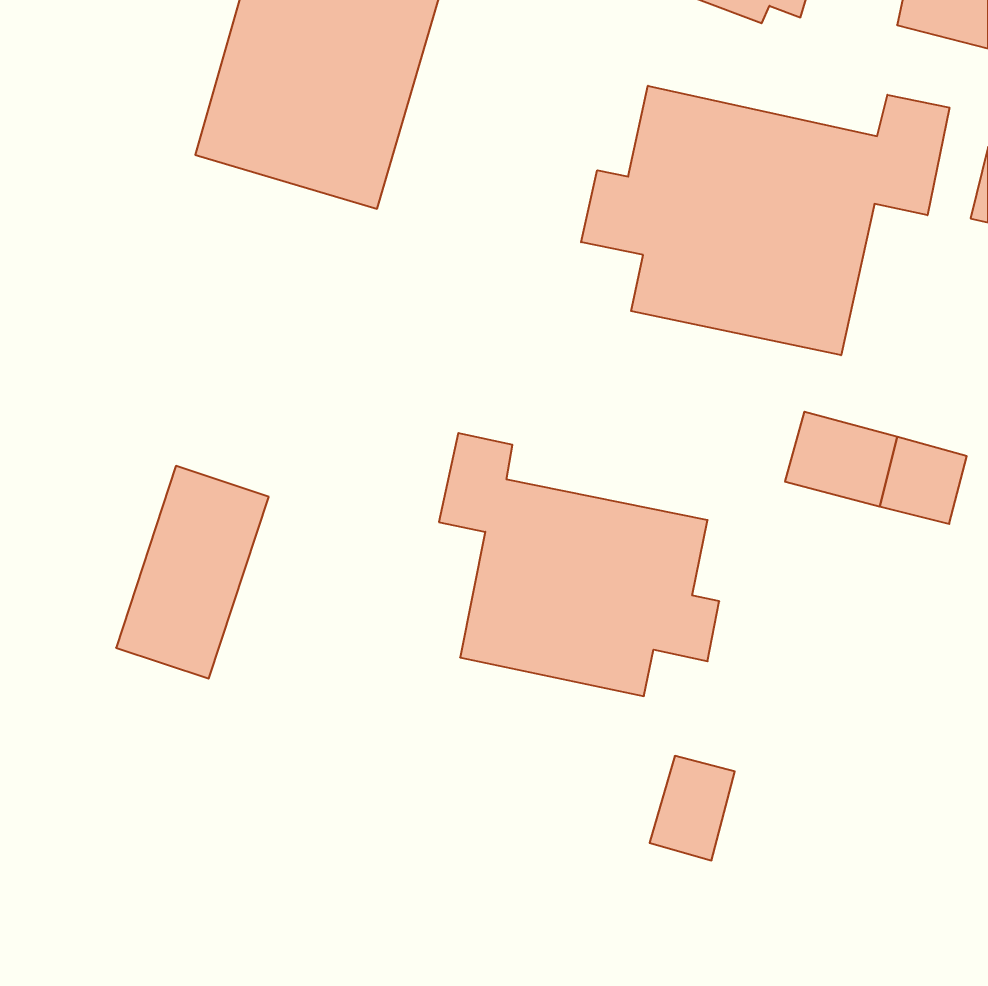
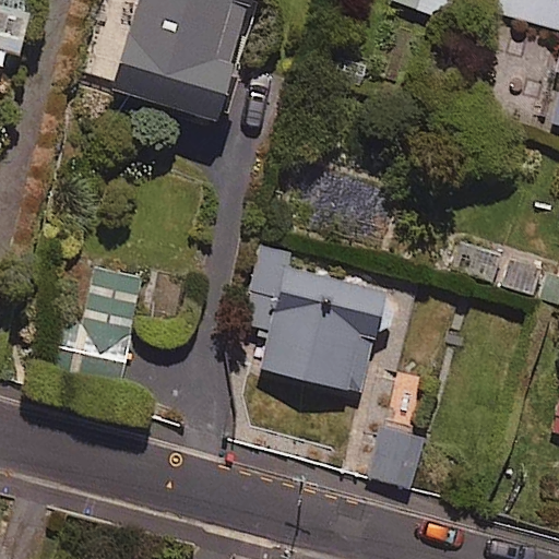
building: [581,86,949,355] -> none

